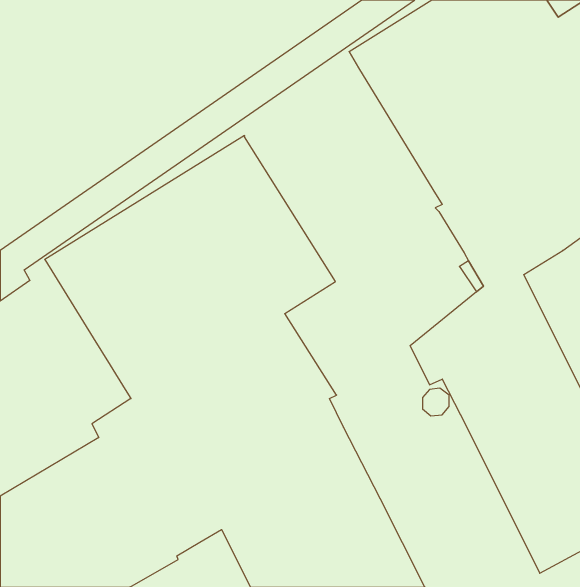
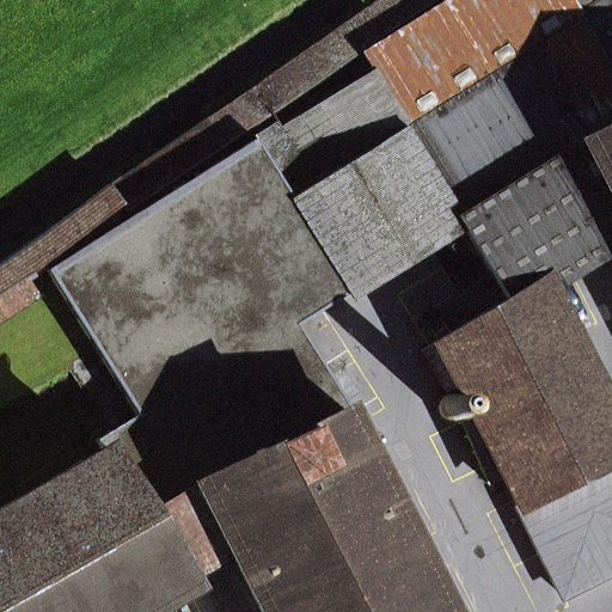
building: none -> [262,71,467,293]

